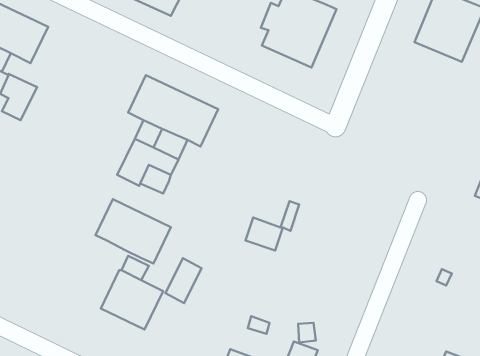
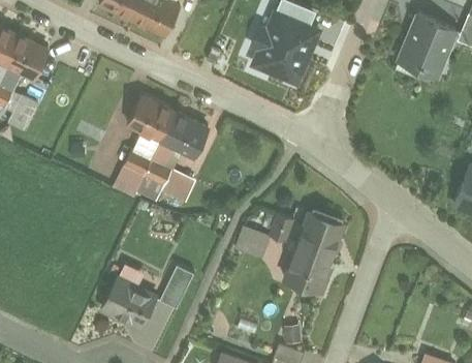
building: none -> [163,175,194,204]
building: none -> [282,209,346,294]
building: [95,199,171,263] -> none

